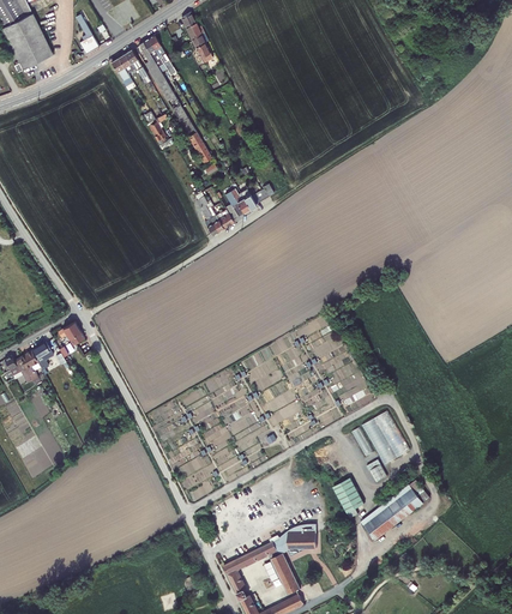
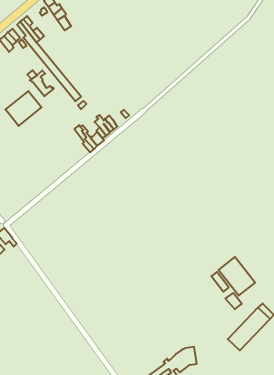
building: none -> [5,91,42,126]
building: [335,477,366,518] -> none

